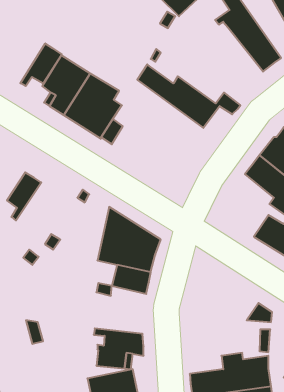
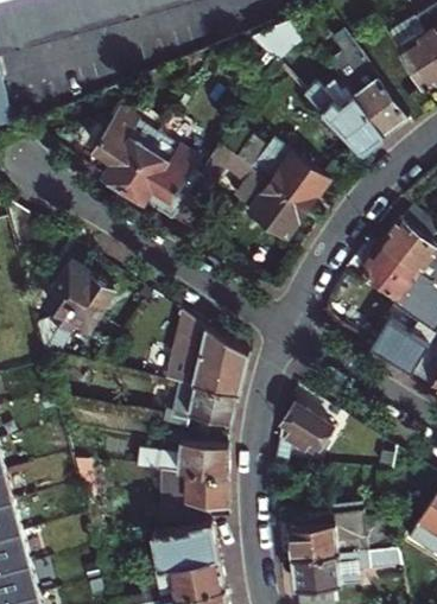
building: none -> [300,76,381,151]
building: [20,43,62,86] -> none
building: none -> [198,145,303,236]
building: none -> [42,278,112,356]
building: none -> [272,406,330,464]
building: none -> [135,440,226,477]

